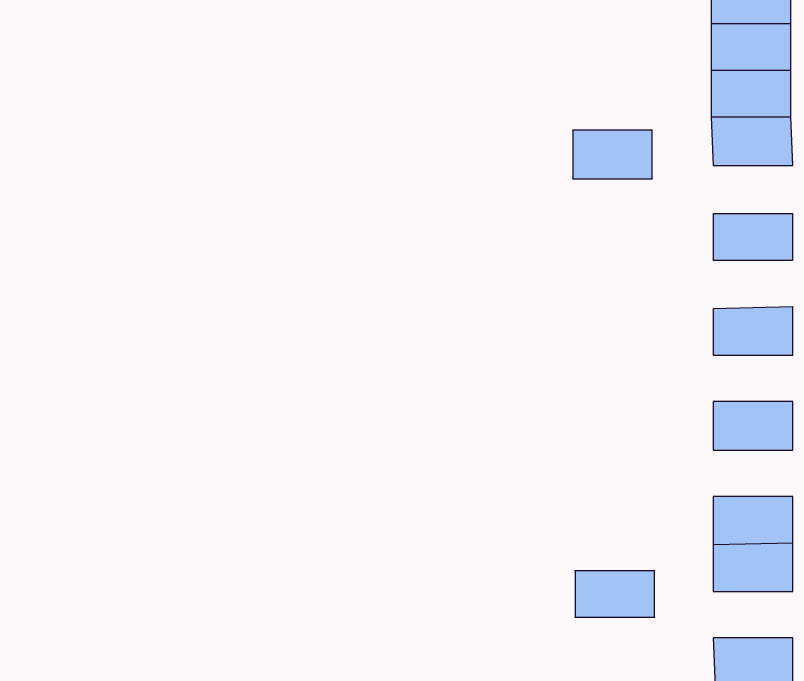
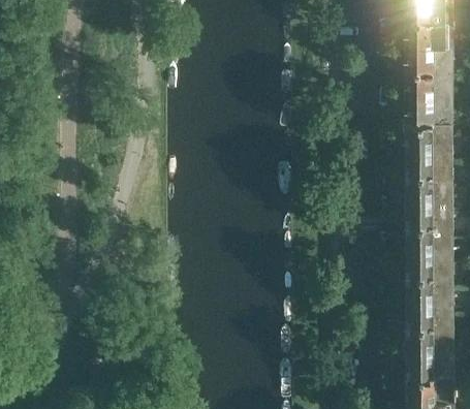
building: [573,130,652,179] -> [409,127,451,153]
building: none -> [409,178,451,203]
building: none -> [409,228,451,253]
building: none -> [409,279,451,304]
building: [575,571,655,617] -> [409,354,451,379]

